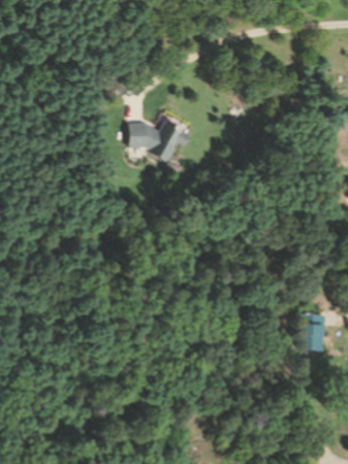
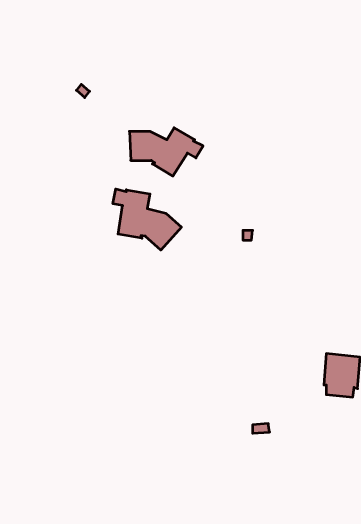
building: none -> [113,189,181,250]

